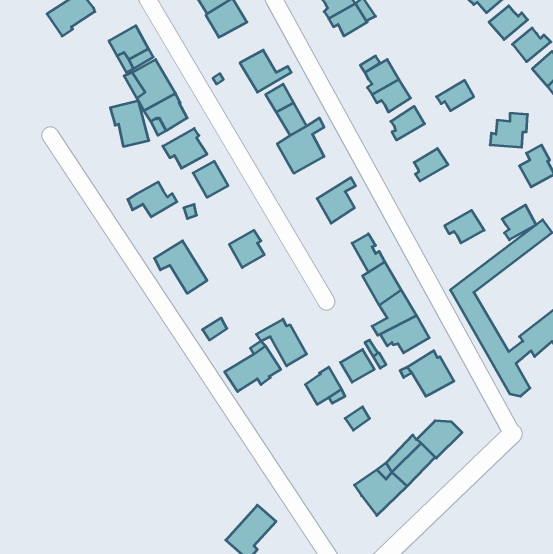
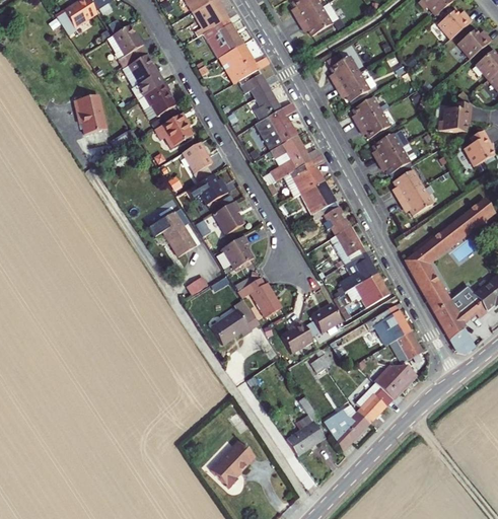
building: none -> [209,21,243,57]
building: [436,80,474,111] -> [359,109,392,136]
building: [110,101,149,146] -> [74,94,108,134]
building: none -> [269,138,319,183]
building: none -> [379,141,418,172]
building: [128,182,177,217] -> [188,174,230,205]
building: [502,205,536,240] -> [395,167,424,198]
building: none -> [302,182,335,217]
building: none -> [222,237,253,270]
building: none -> [388,332,421,365]
building: none -> [285,395,323,454]

